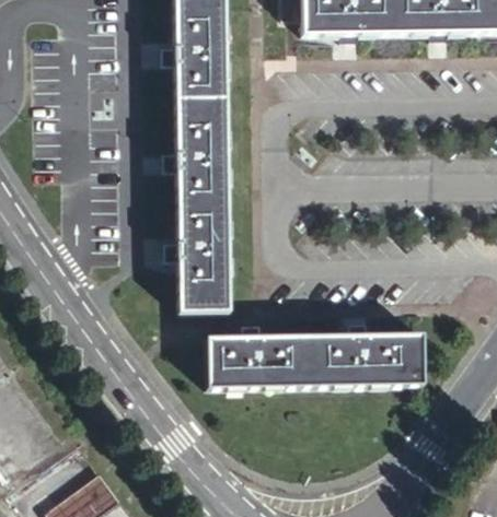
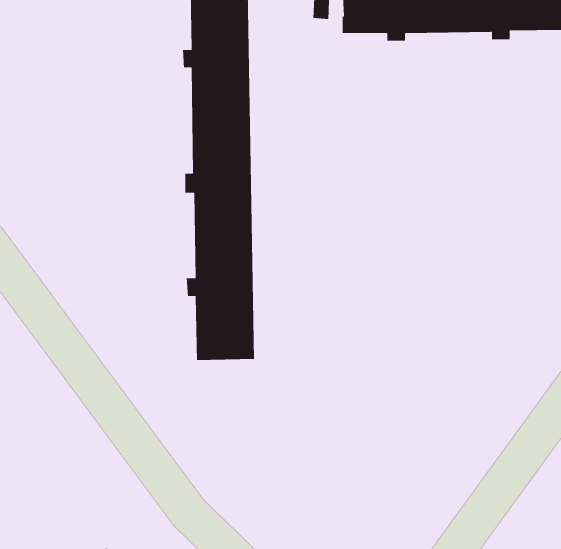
building: [206,327,423,387] -> none

